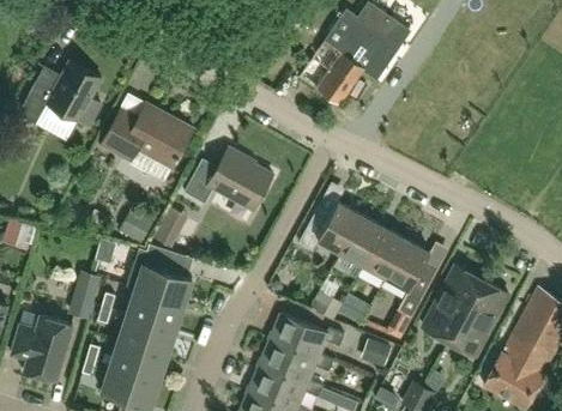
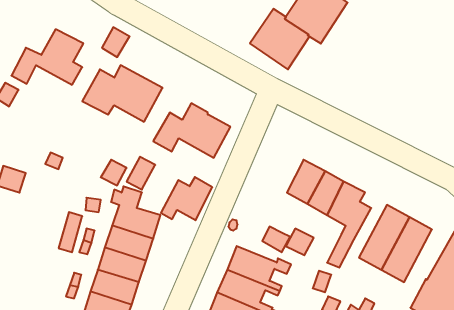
building: [298,201,358,252] -> [161,177,212,220]
building: [11,316,72,381] -> none

